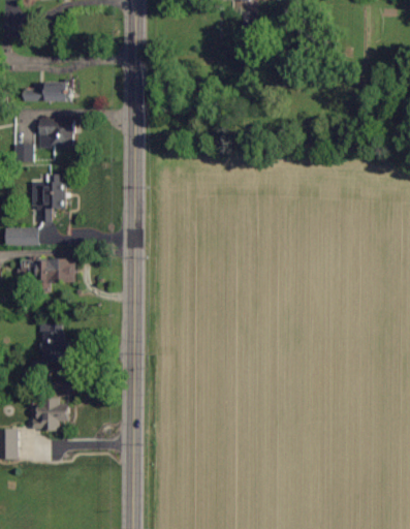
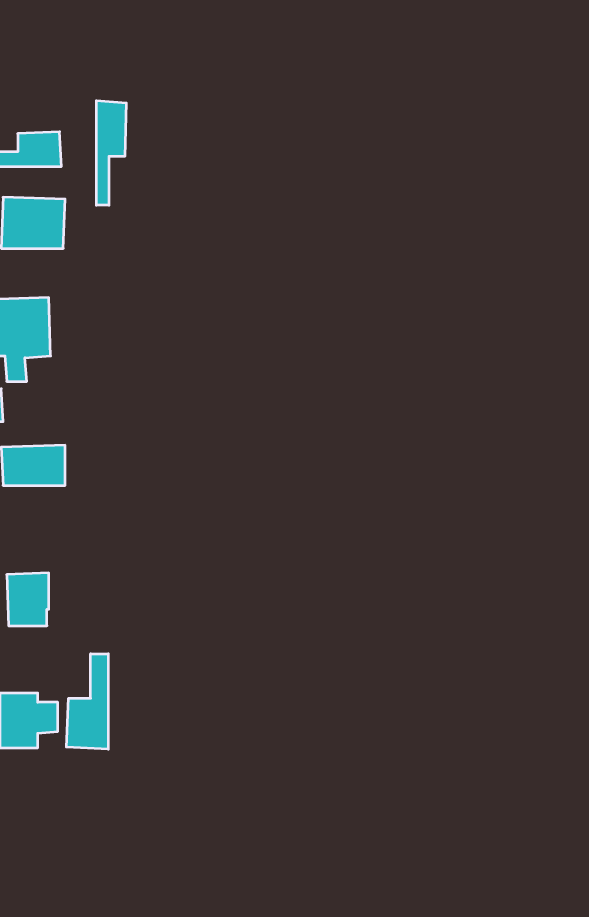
building: none -> [96,101,126,205]
building: none -> [66,654,108,749]

